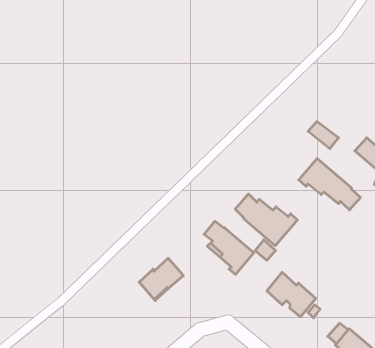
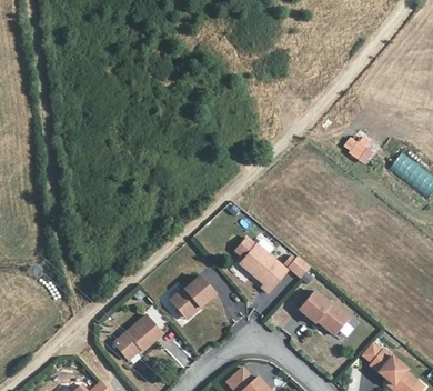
building: [299,159,360,210] -> none
building: [235,194,297,246] -> none
building: none -> [114,315,163,361]

